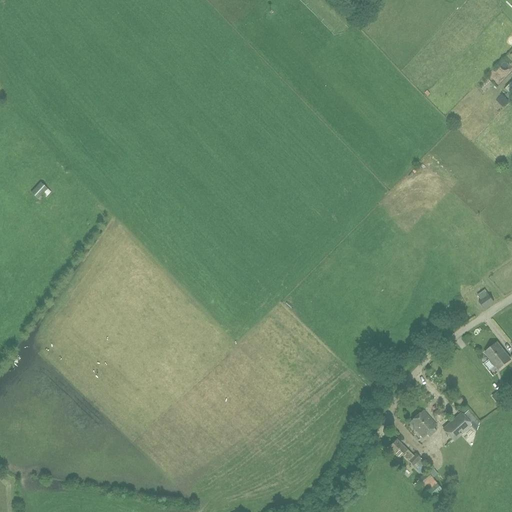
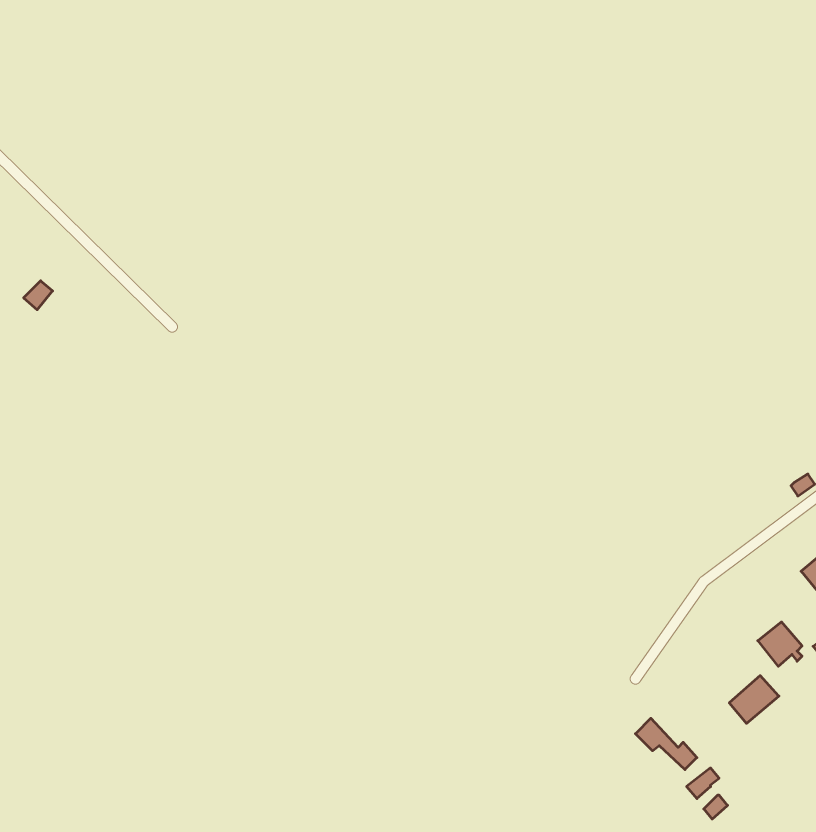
building: [409,409,435,435] -> [758,622,802,666]

